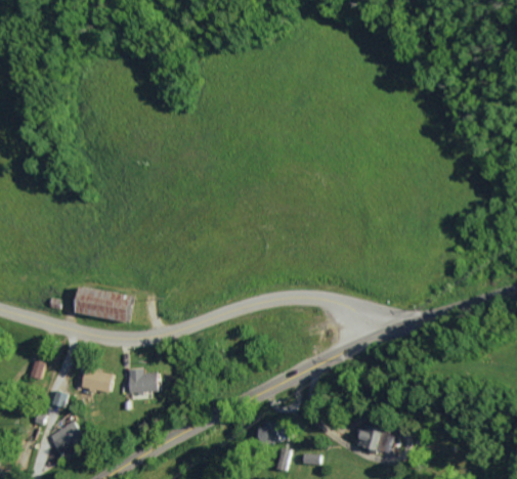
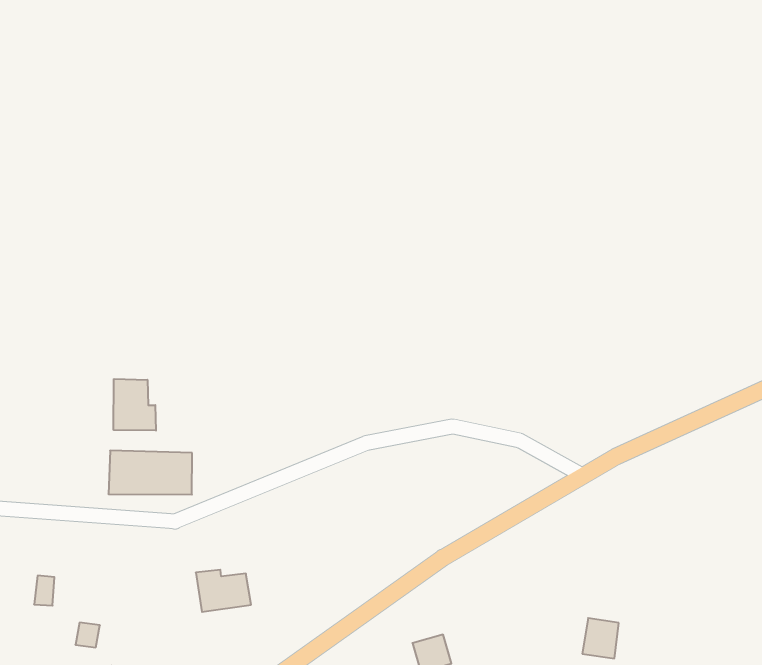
building: none -> [114,379,156,431]
building: [81,368,113,393] -> none

